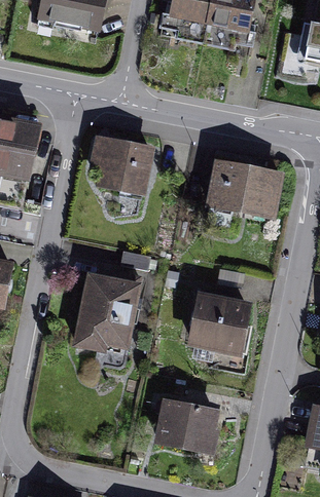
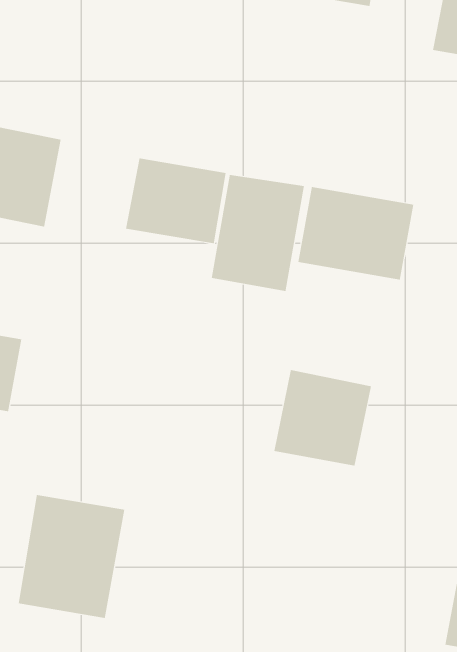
building: none -> [211,174,305,292]
building: [71,271,144,355] -> [18,494,125,618]
building: [151,398,223,455] -> none

